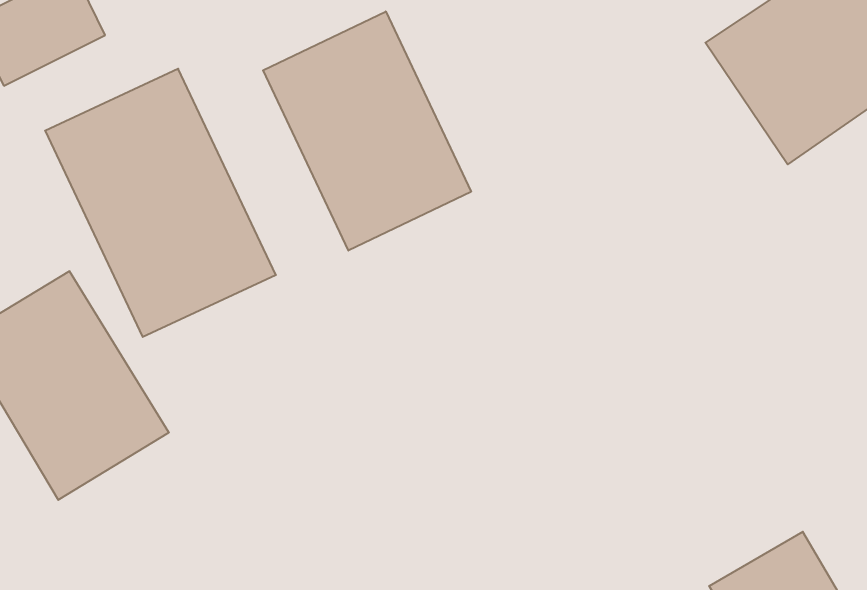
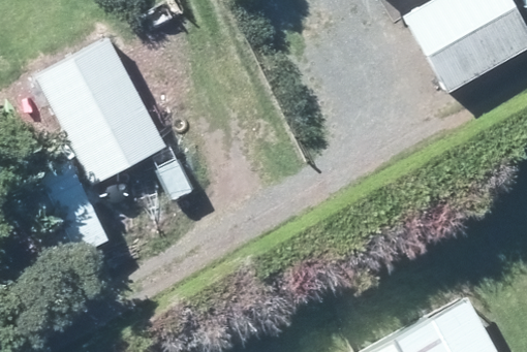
building: [263,11,471,251] -> none

